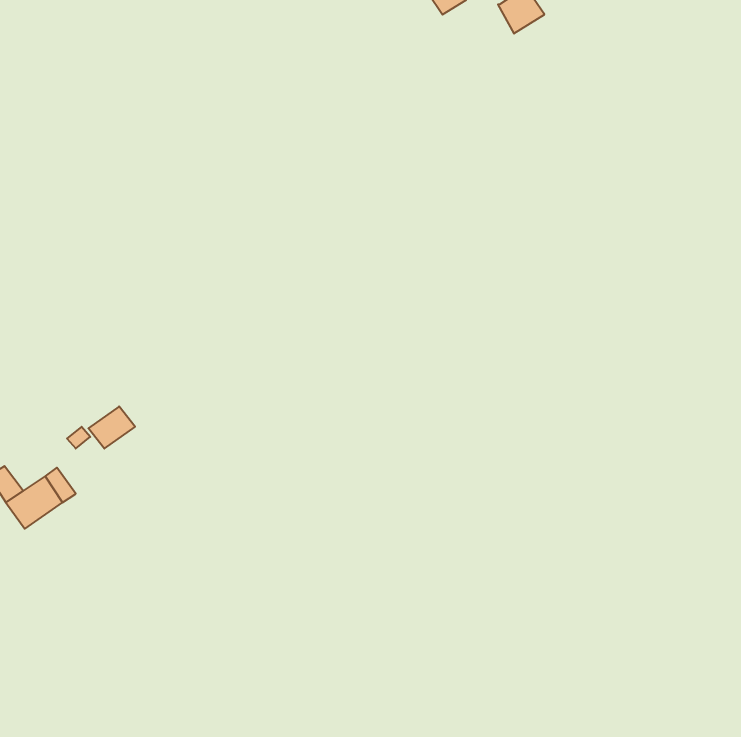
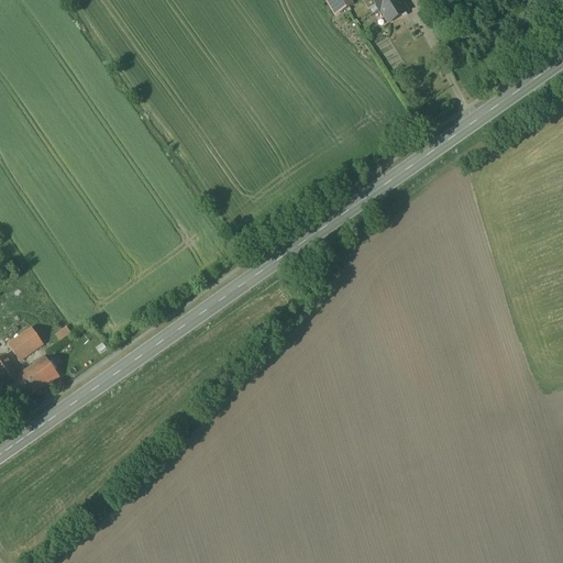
building: [88,406,135,449] -> [7,324,42,356]

